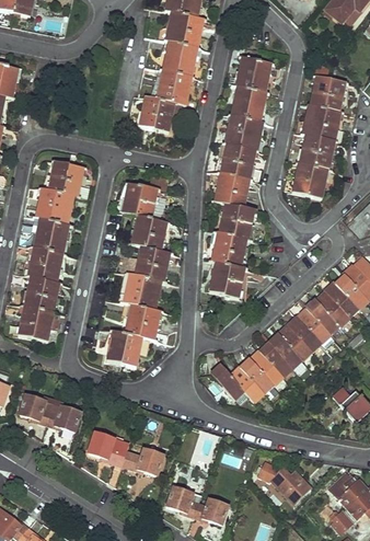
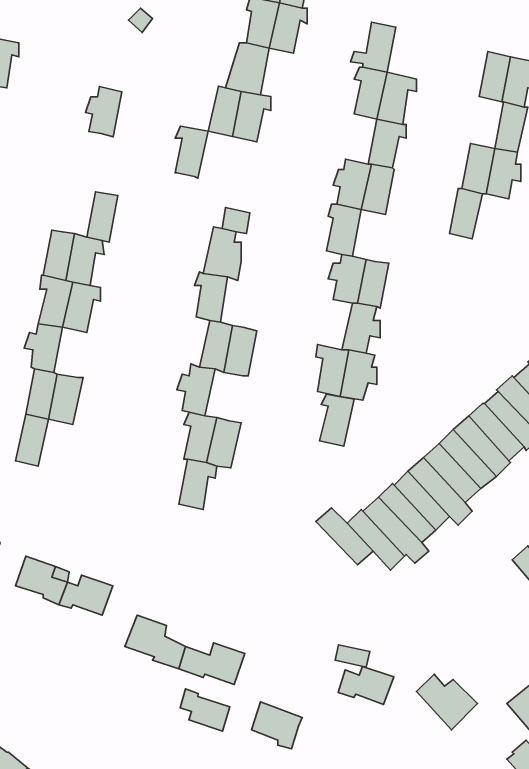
building: [253,60,277,92] -> none
building: [173,73,197,106] -> none
building: [305,104,326,137] -> none
building: [226,115,246,147] -> none
building: [46,161,69,193] -> [86,87,122,137]
building: [307,165,332,197] -> none
building: [231,175,252,208] -> none
building: [123,183,143,216] -> [175,126,208,178]
building: [148,218,171,250] -> none
building: [209,231,231,264] -> [320,394,354,446]
building: [43,250,67,281] -> none
building: [138,276,162,309] -> none
building: [33,308,56,339] -> none
building: [106,330,127,361] -> none
building: none -> [180,689,230,731]
building: [193,499,228,523] -> [338,666,394,705]

